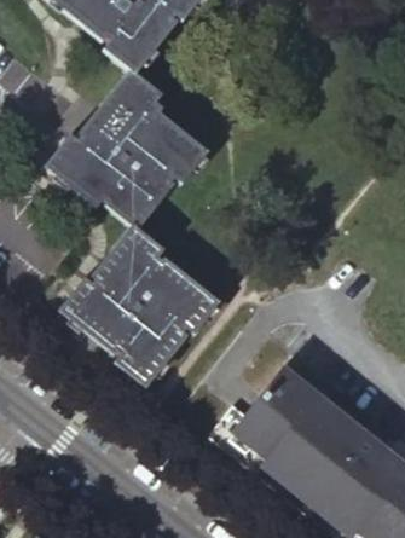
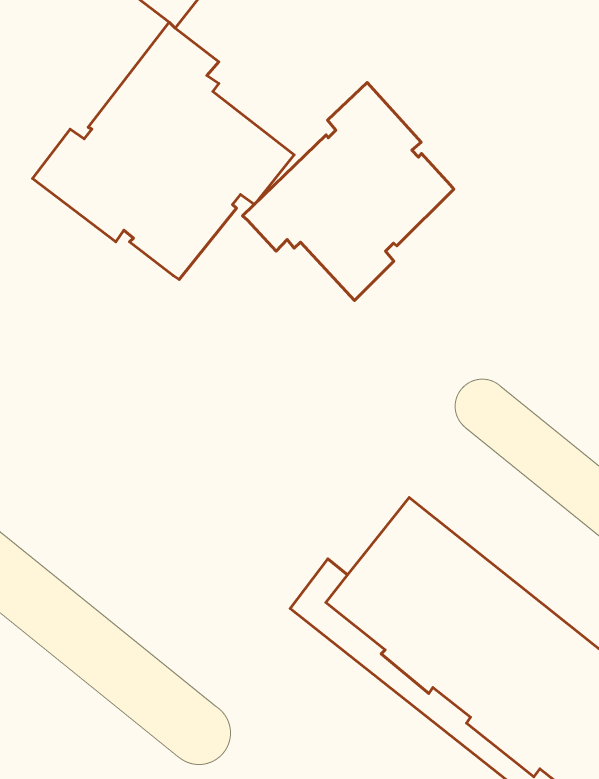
building: none -> [242,82,454,300]
building: [63,225,220,384] -> none

